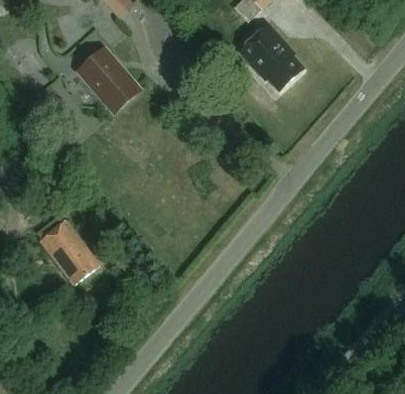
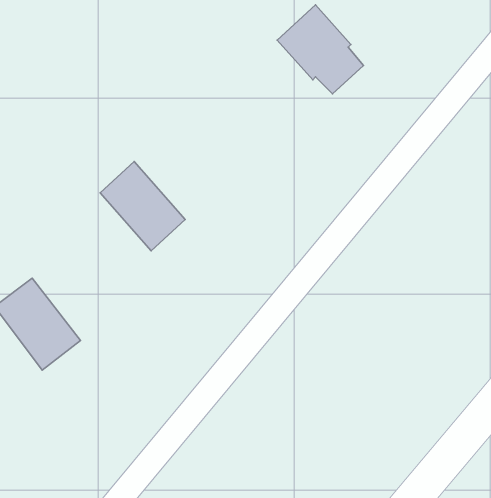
building: [78,47,138,111] -> [100,162,185,251]

